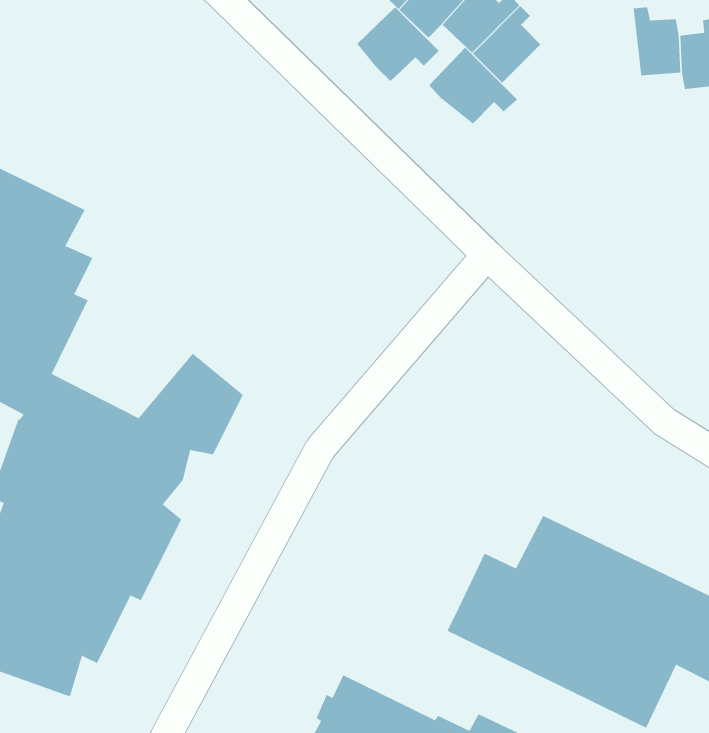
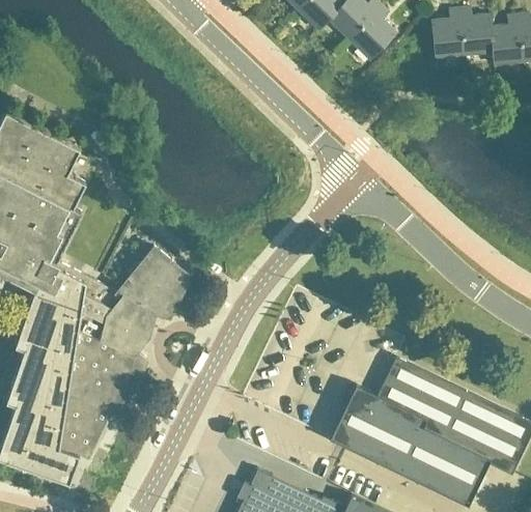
building: [356,7,439,82] -> none
building: none -> [430,8,464,58]
building: [428,47,518,125] -> none

